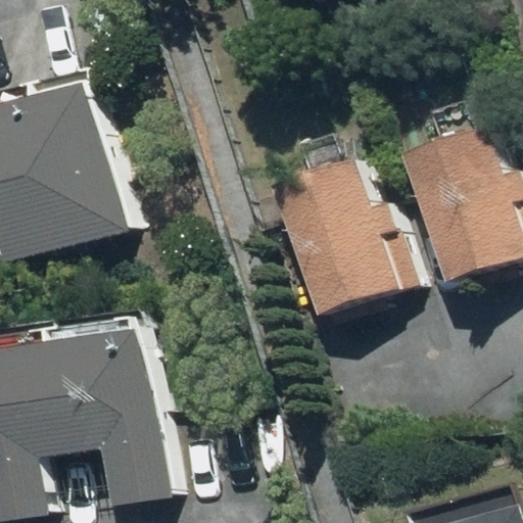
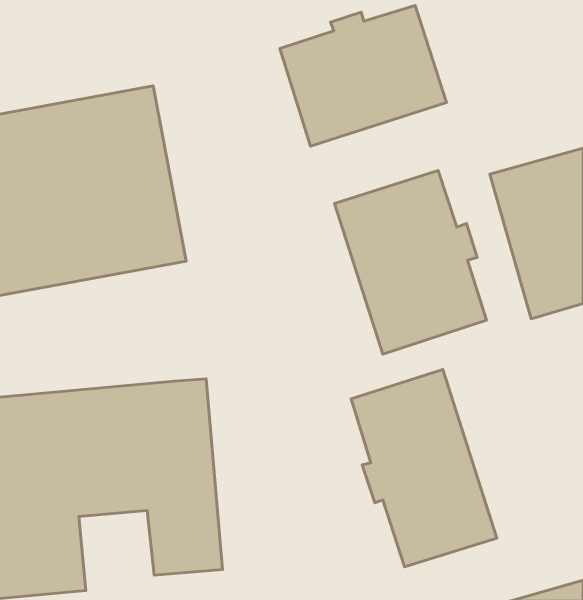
building: none -> [280,6,447,146]
building: none -> [351,369,497,567]

